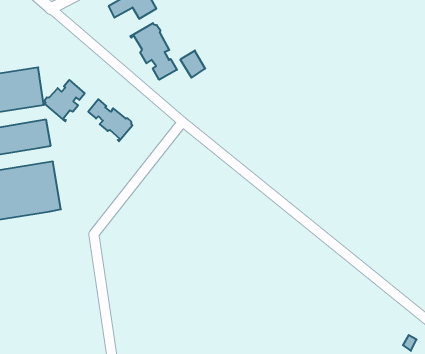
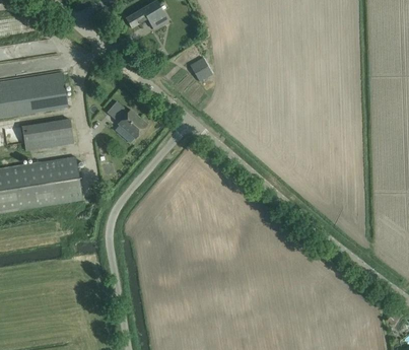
building: [130,23,177,80] -> none
building: [45,80,85,121] -> none

